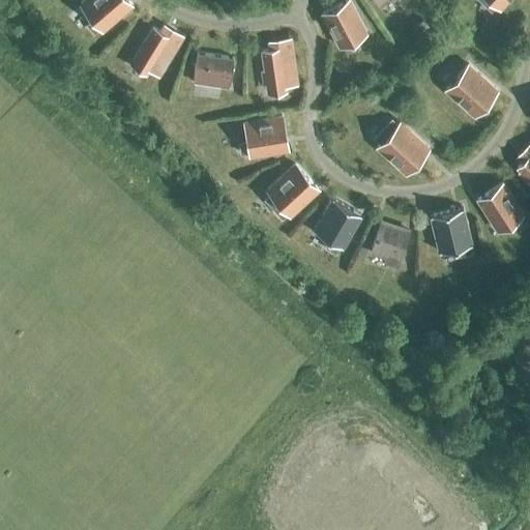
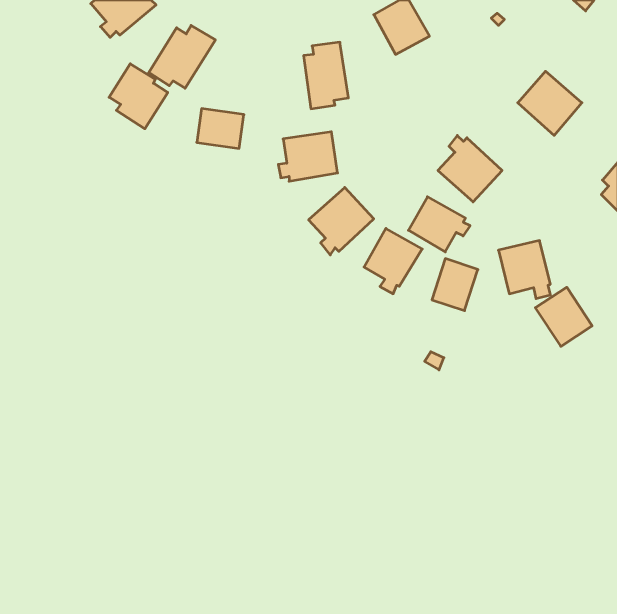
building: [194,54,234,88] -> [197,109,244,148]
building: none -> [109,64,168,129]
building: none -> [408,197,470,252]
building: [476,183,525,234] -> [535,287,592,346]

